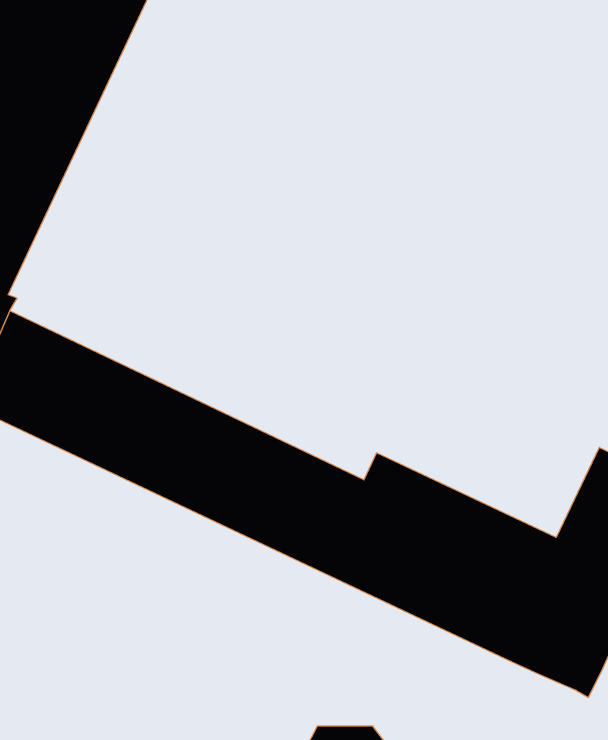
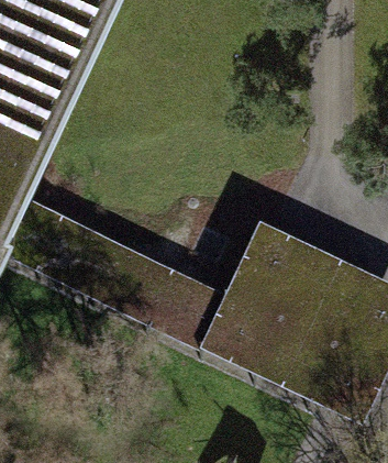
building: none -> [241,225,377,333]

